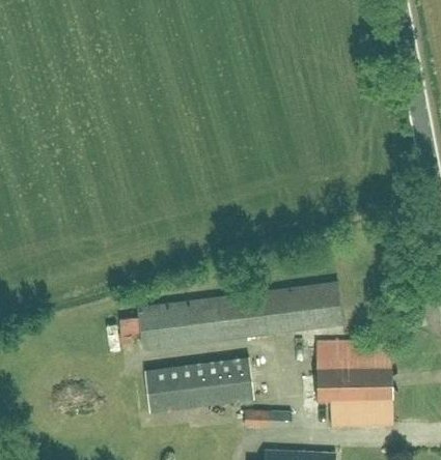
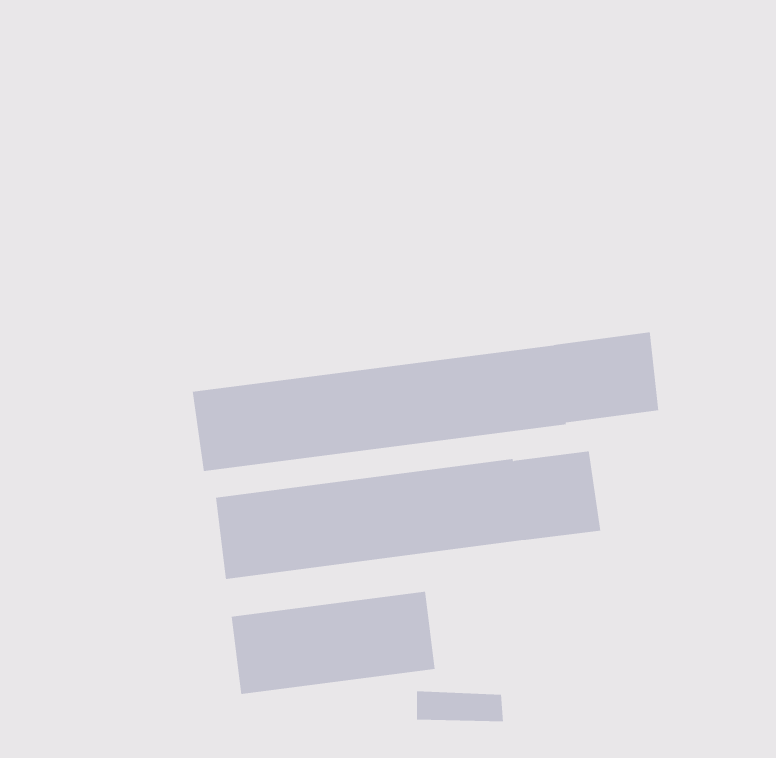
building: none -> [192,332,659,472]
building: [314,340,393,426] -> none

